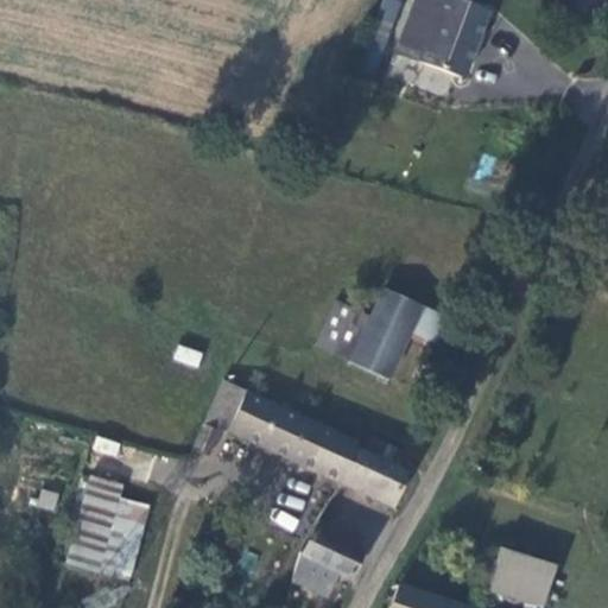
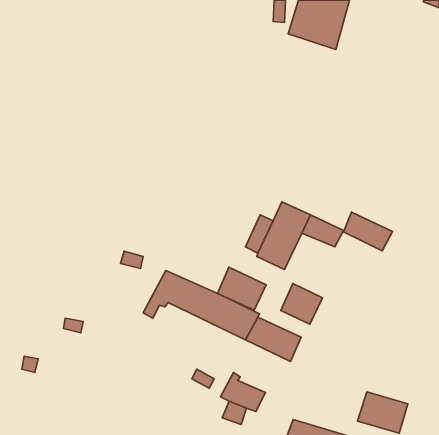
building: none -> [344,212,392,251]
building: none -> [217,267,266,310]
building: none -> [281,284,322,324]
building: [59,484,141,591] -> none

